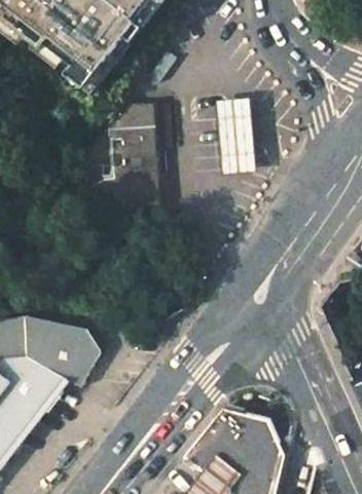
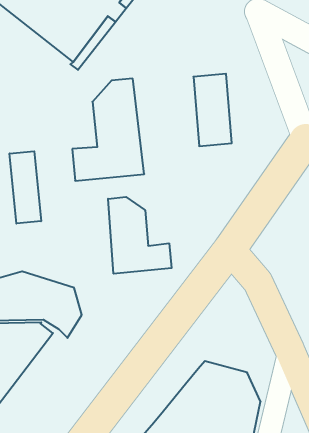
building: none -> [10,151,41,224]
building: none -> [108,197,172,274]

